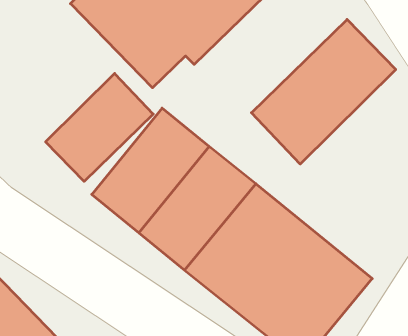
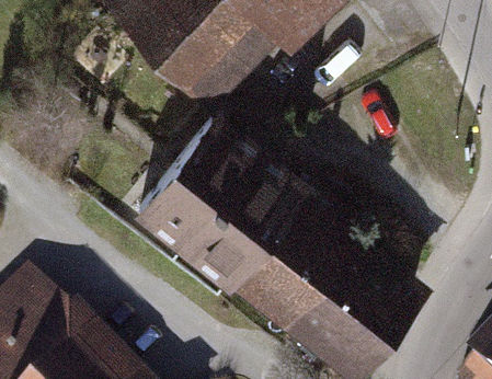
building: [251,19,396,164] -> none
building: [46,73,153,181] -> none

